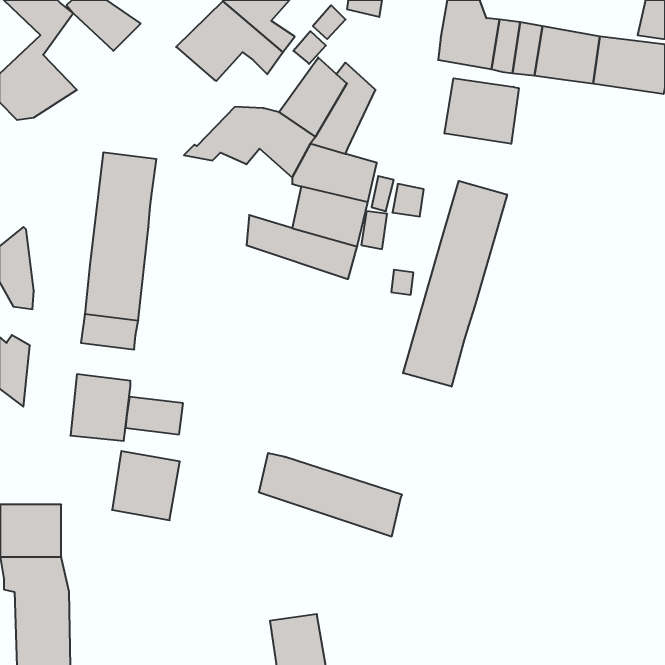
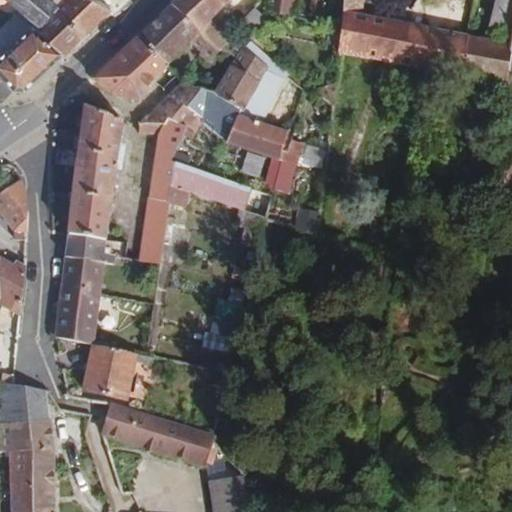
building: none -> [33,11,87,70]
building: none -> [90,37,164,105]
building: [445,78,519,144] -> none
building: none -> [139,118,191,257]
building: [403,181,507,387] -> none
building: [126,397,183,434] -> [59,264,103,293]
building: [259,453,402,536] -> [103,403,213,467]

